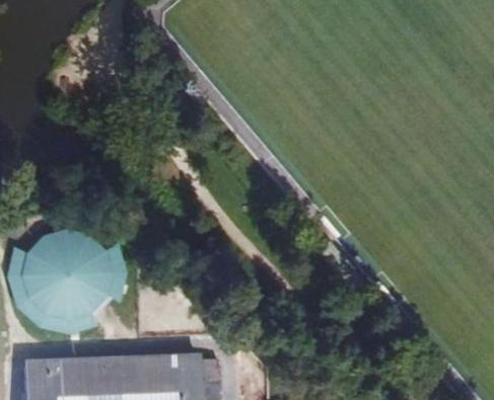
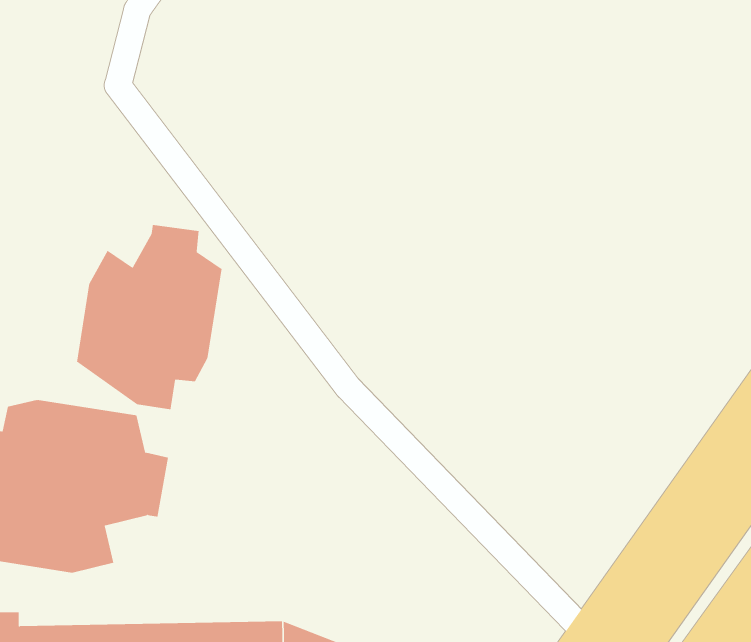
building: none -> [77,224,222,410]

